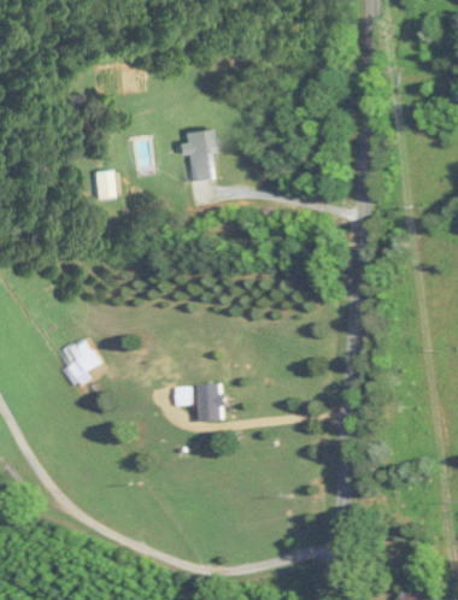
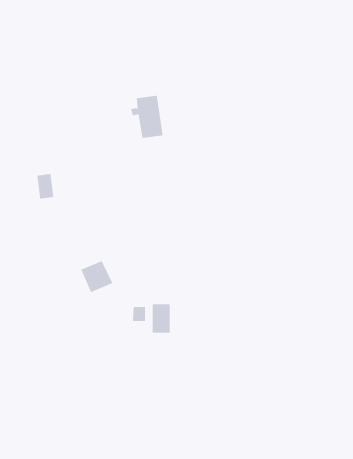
building: [90,170,112,201] -> [36,173,54,199]
building: [61,339,101,378] -> [81,260,113,293]

